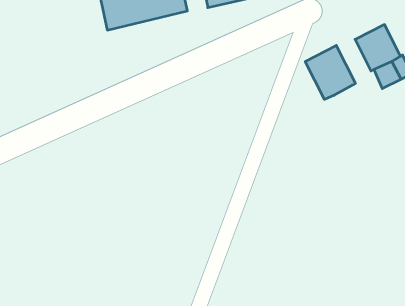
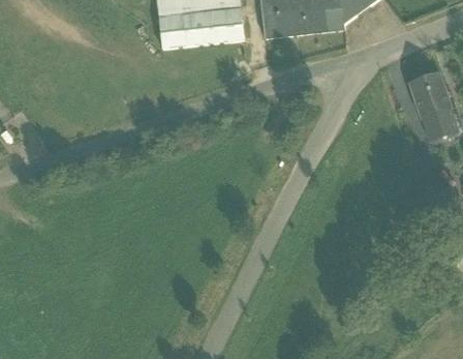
building: [305,45,355,99] -> none

